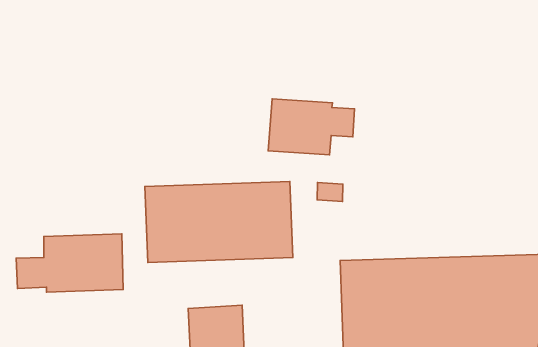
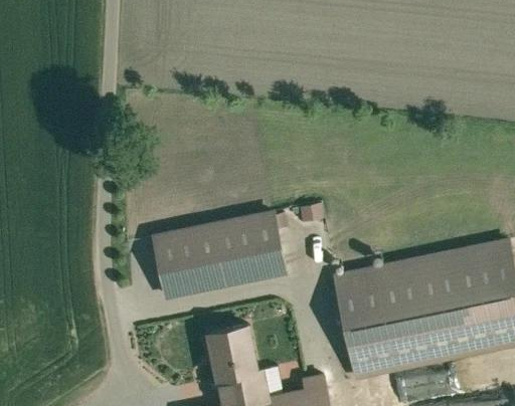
building: [268,99,355,155] -> none
building: [16,234,123,292] -> none

